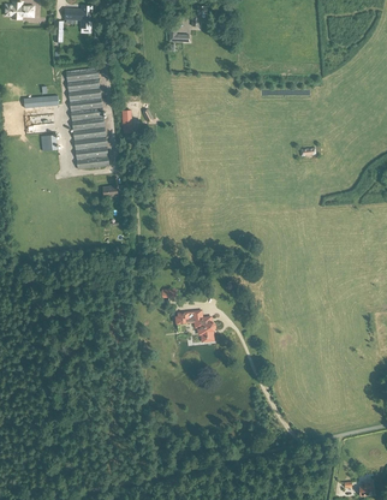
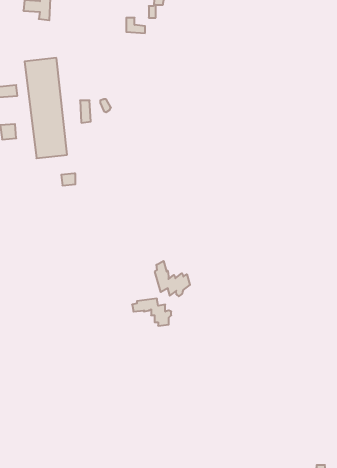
building: none -> [155,261,190,296]

